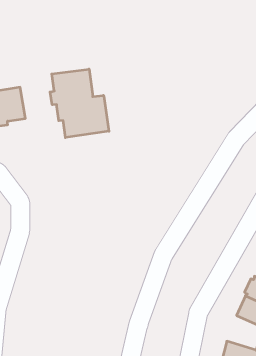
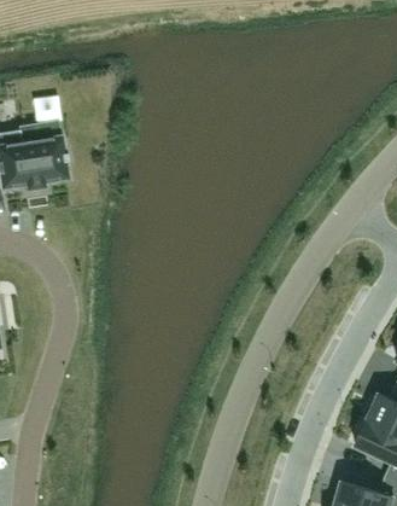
building: [50,69,109,138] -> none

